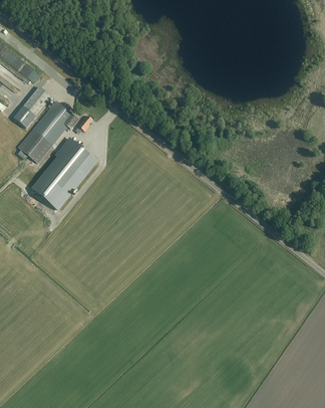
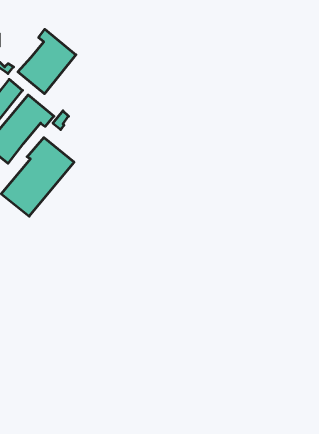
building: none -> [18,29,76,94]

